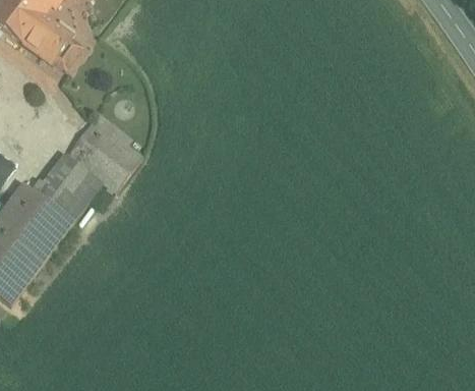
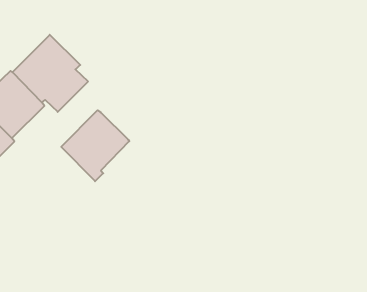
building: none -> [61,110,129,181]

